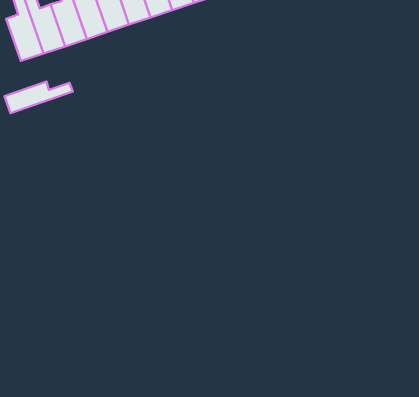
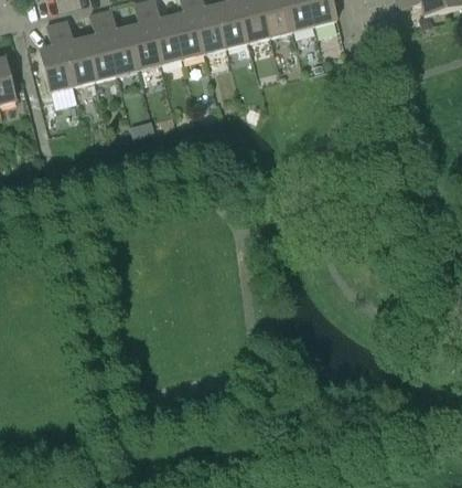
building: [5,82,73,113] -> none

